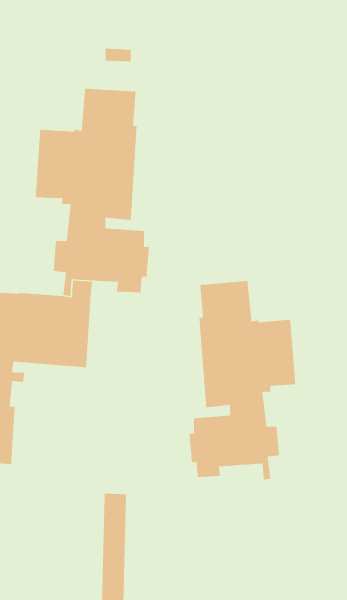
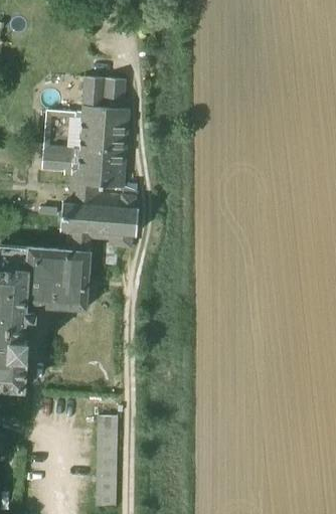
building: [189,280,296,480] -> none

